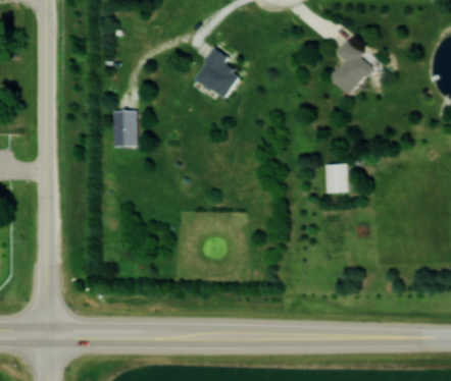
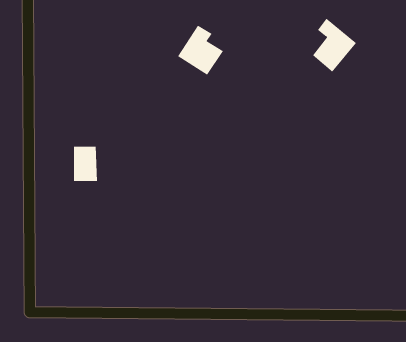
building: [113,111,138,147] -> [73,146,98,182]
building: [325,164,348,193] -> none

